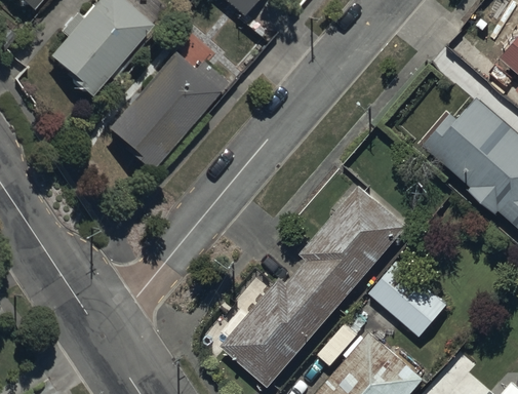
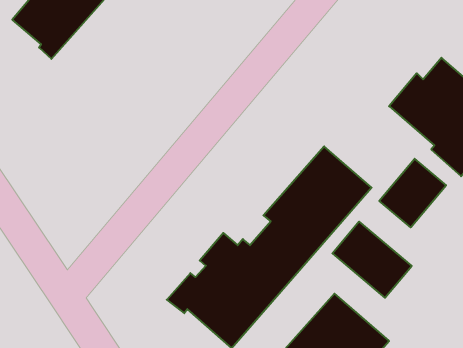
building: [108,55,226,171] -> none
building: none -> [379,159,446,227]

